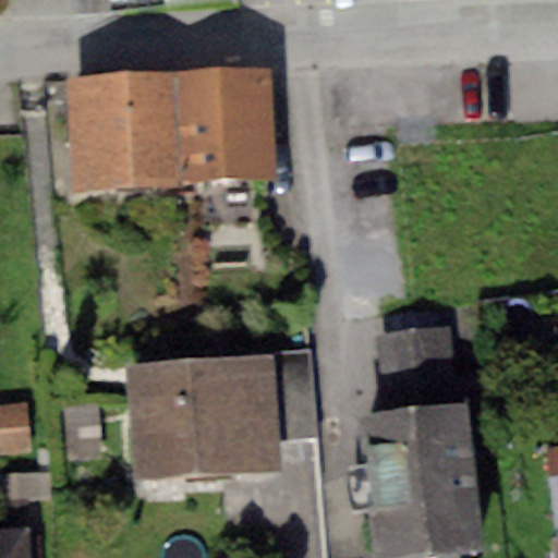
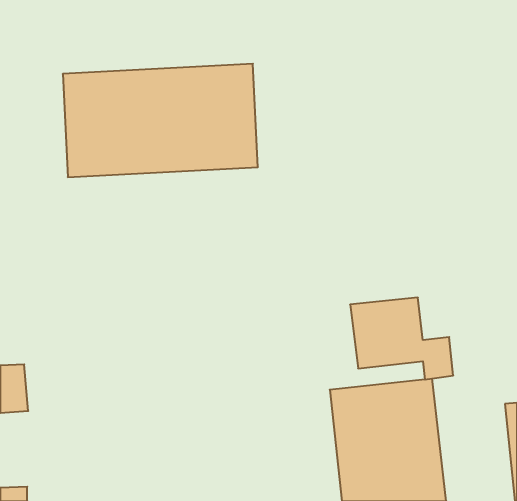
building: [128,339,318,481] -> none

